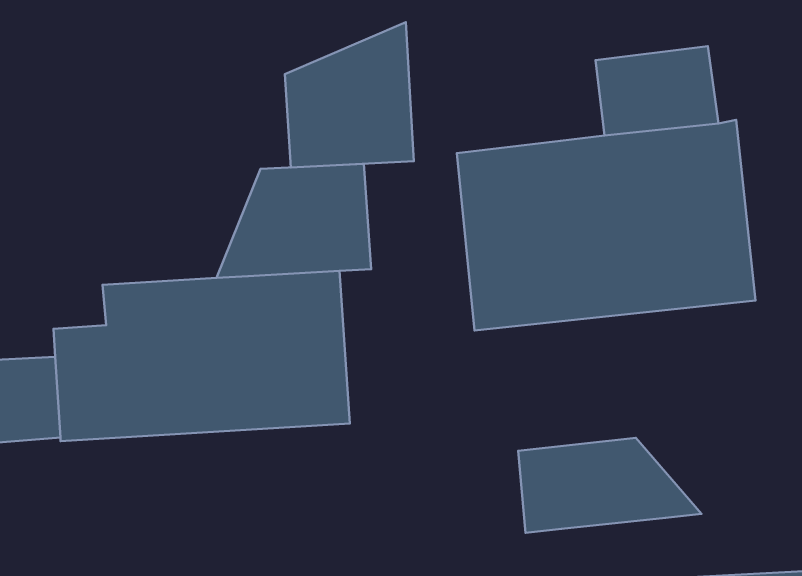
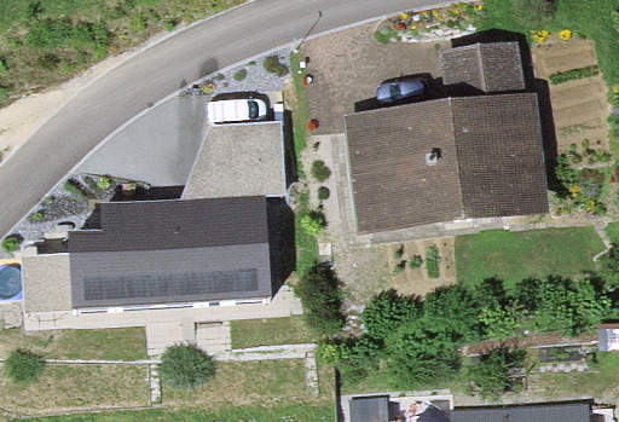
building: [285,22,414,167] -> none
building: [518,438,702,533] -> none

